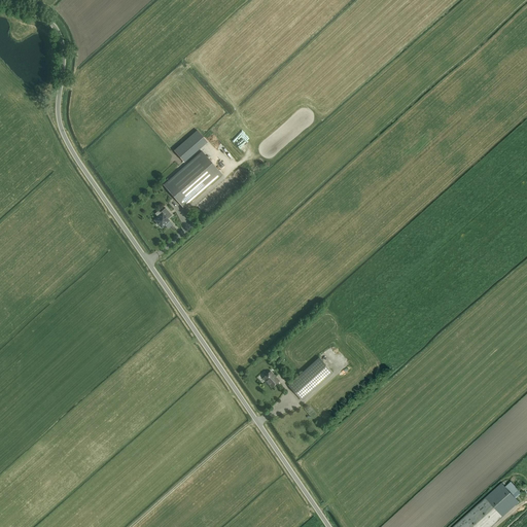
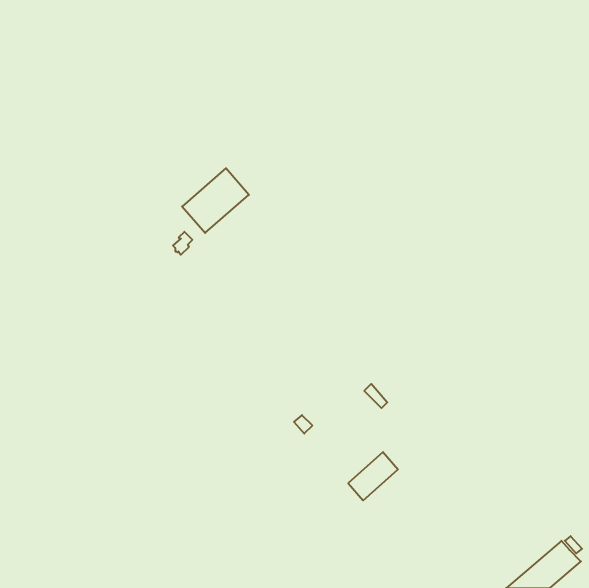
building: [174,130,208,162] -> none
building: [288,356,332,399] -> [348,452,398,500]

